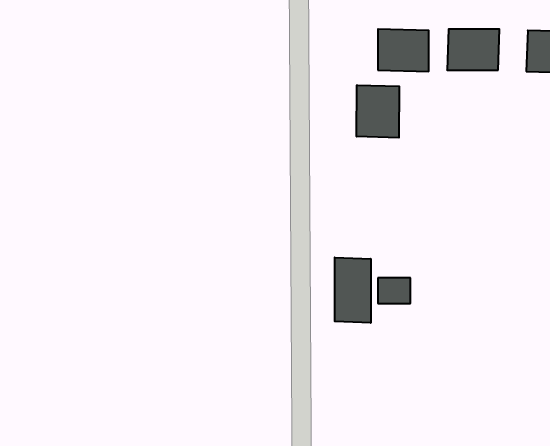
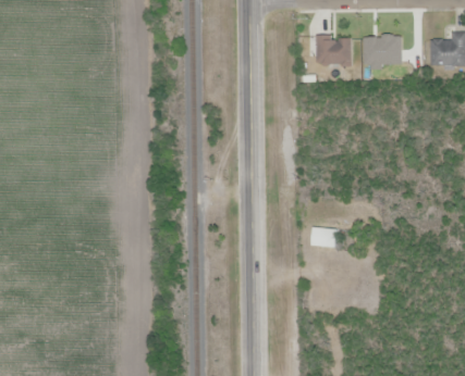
building: [357,85,399,138] -> none
building: [335,257,371,323] -> none

